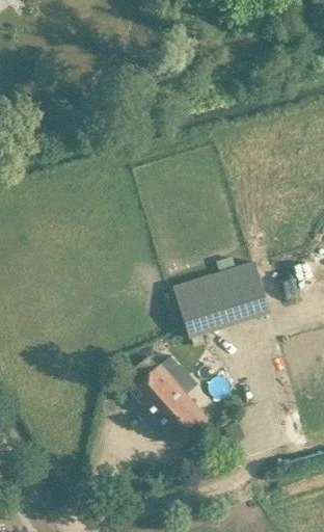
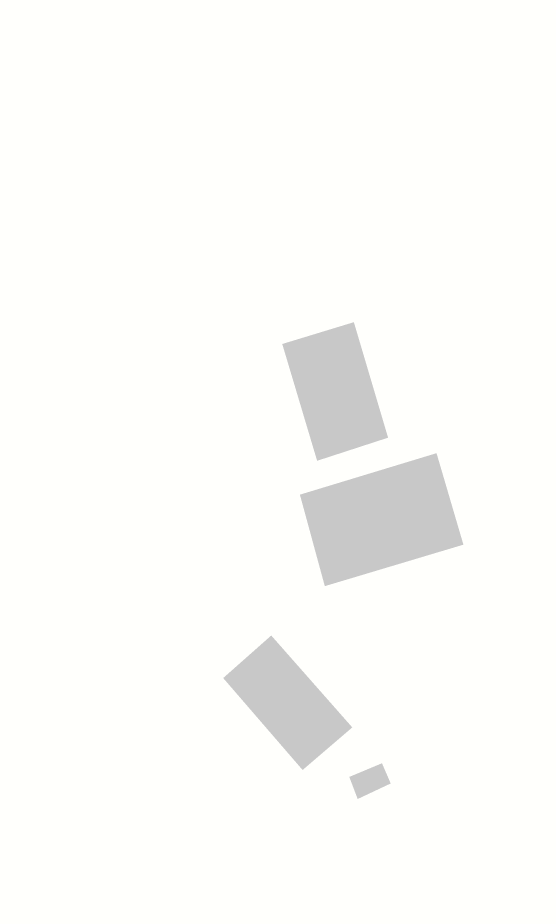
building: none -> [281,321,389,462]

